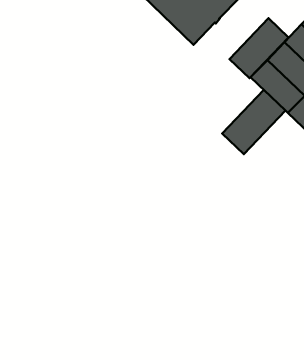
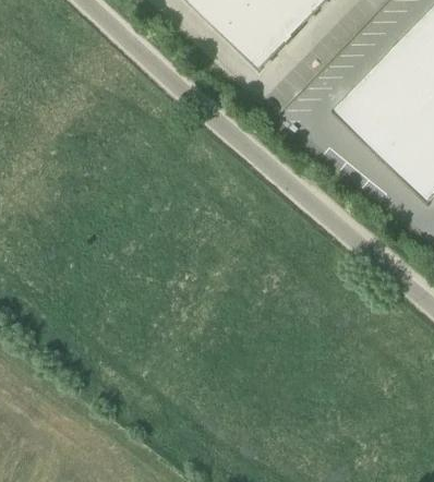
building: [230,18,288,78] -> none
building: [222,90,285,154] -> none

